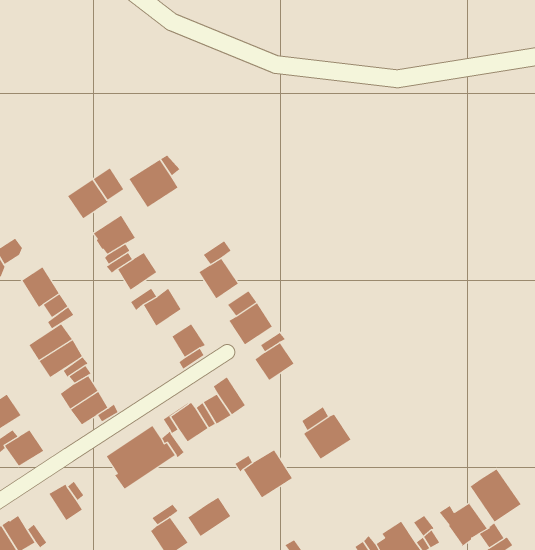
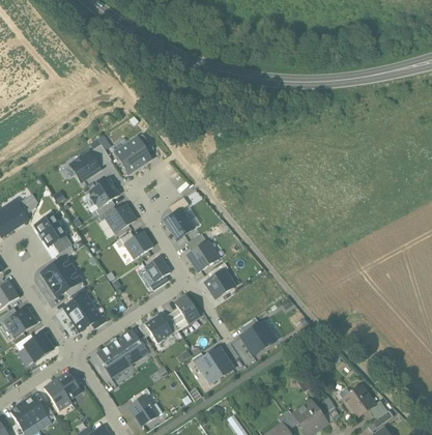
building: [470,468,521,522] -> none
building: none -> [44,380,70,410]
building: [187,497,231,537] -> none

